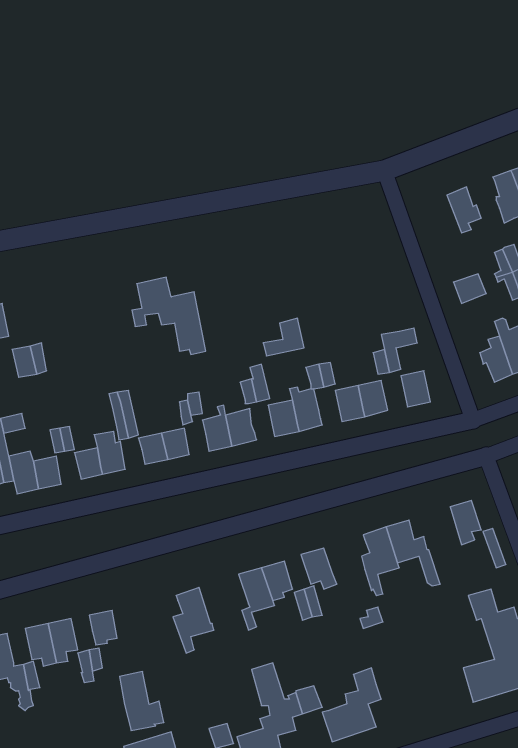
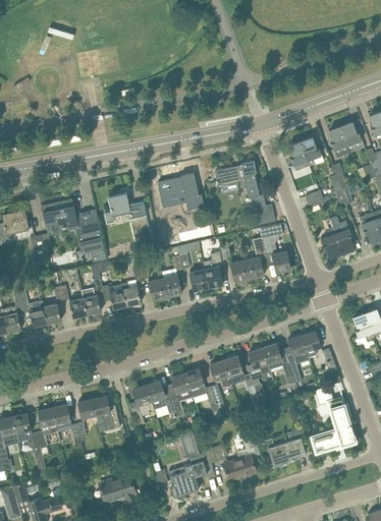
building: none -> [288,141,310,171]
building: none -> [215,161,275,225]
building: none -> [158,172,205,210]
building: none -> [42,198,106,263]
building: none -> [287,335,311,383]
building: none -> [224,355,254,388]
building: none -> [147,381,177,417]
building: [120,672,164,731] -> [93,396,120,432]
building: none -> [263,438,305,466]

